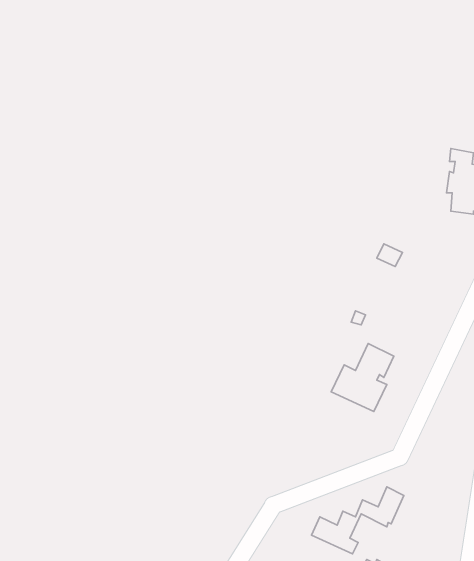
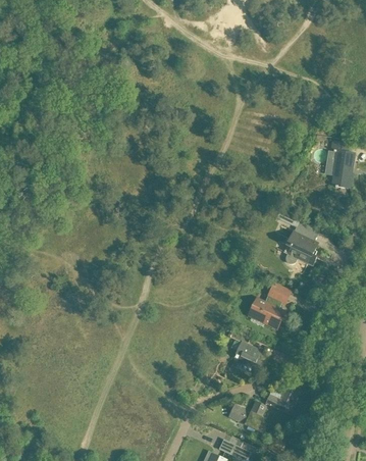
building: none -> [283,220,317,264]
building: none -> [229,329,265,373]

